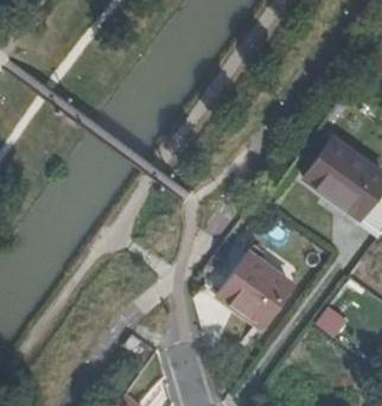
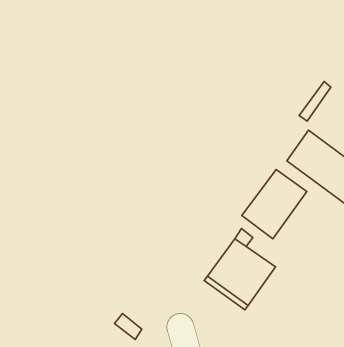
building: none -> [242,170,307,239]

